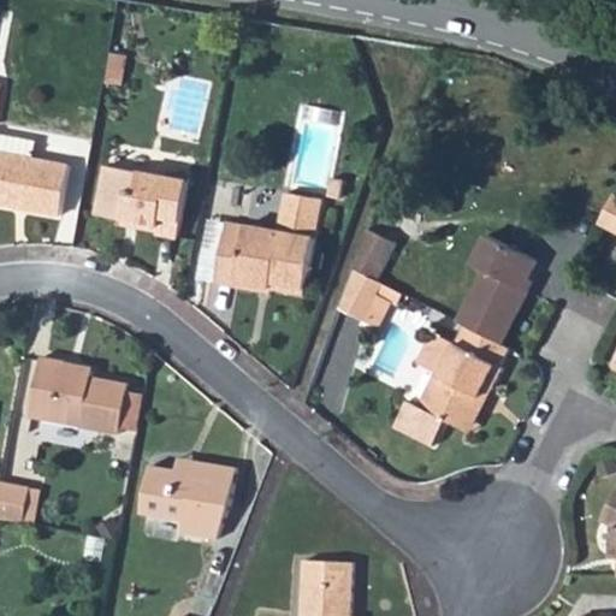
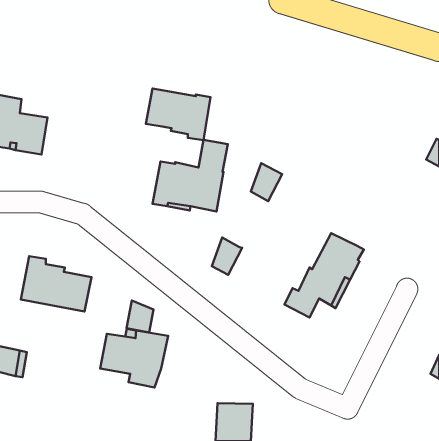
building: [96,165,186,237] -> [146,88,210,140]
building: [455,235,534,343] -> none
building: [336,267,378,319] -> [212,238,242,275]
building: none -> [127,301,153,333]

